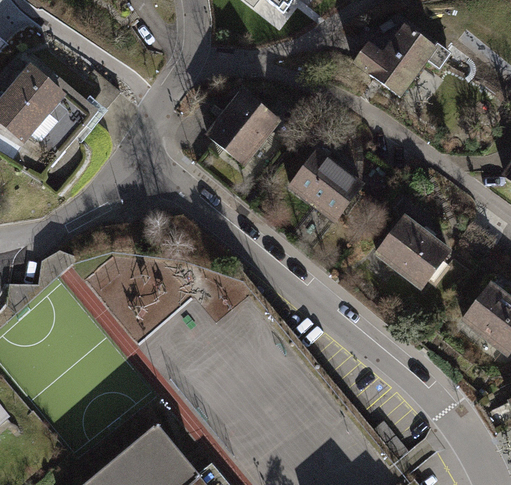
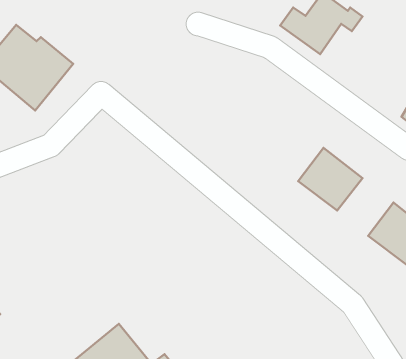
building: [202,87,281,167] -> none
building: [287,146,366,223] -> none

